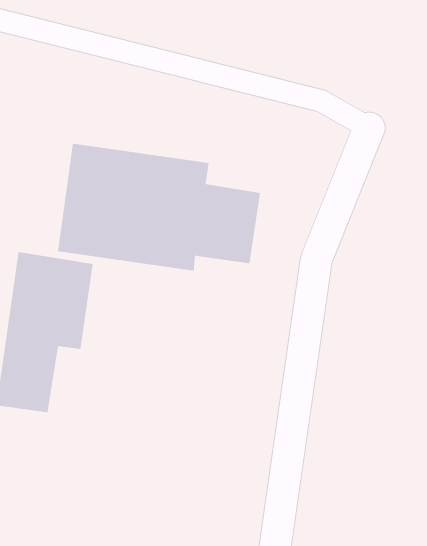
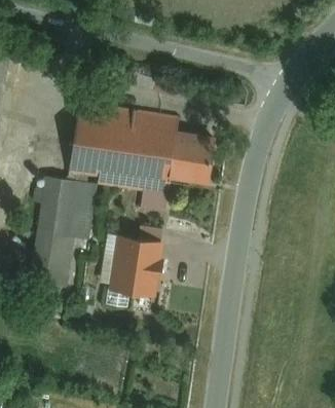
building: none -> [110,232,162,296]

